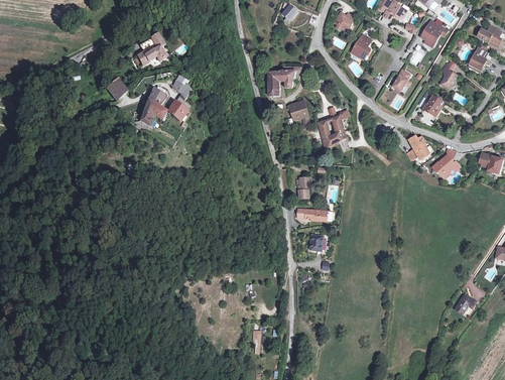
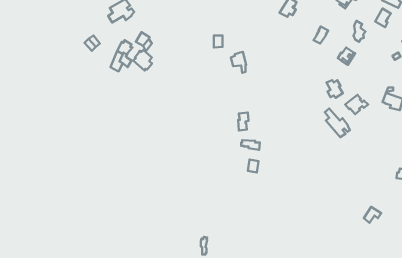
building: [268,67,296,88] -> none
building: [319,117,350,152] -> none
building: none -> [325,108,350,137]

